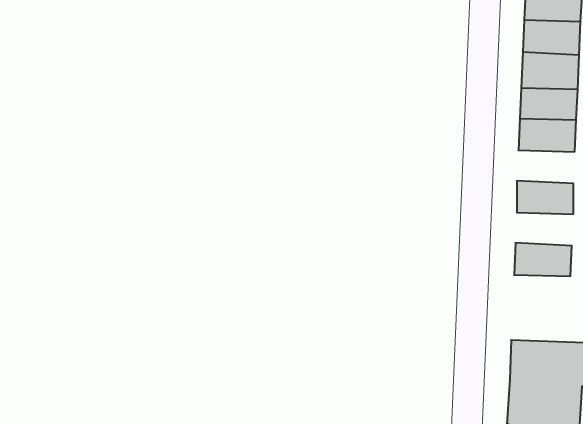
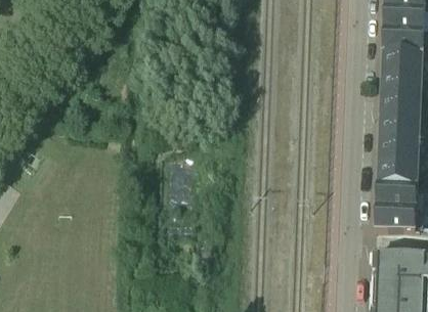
building: none -> [379,113,420,136]
building: none -> [378,157,419,180]
building: none -> [376,200,417,225]

